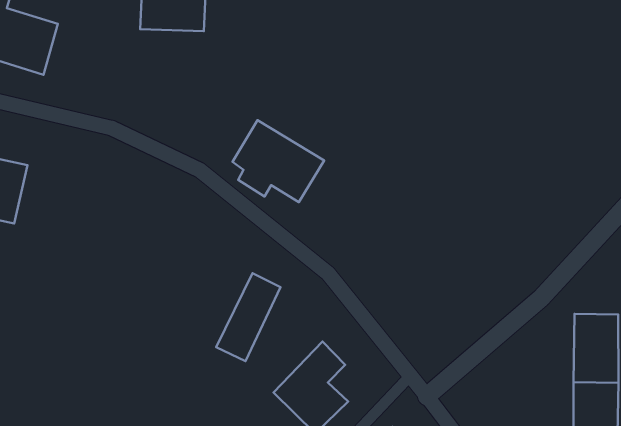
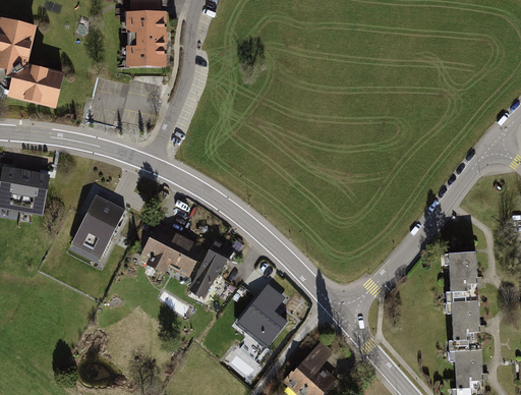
building: [232,120,324,202] -> [139,221,204,276]
building: none -> [72,192,126,257]

